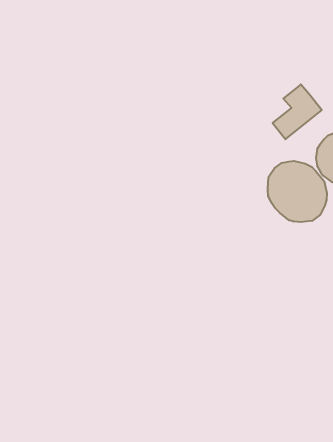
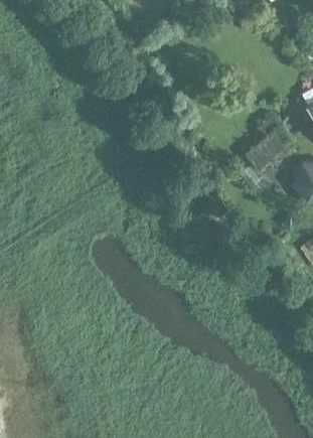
building: [268,161,327,222] -> none

